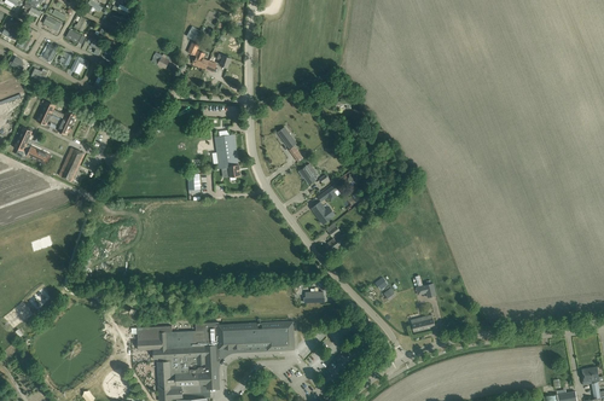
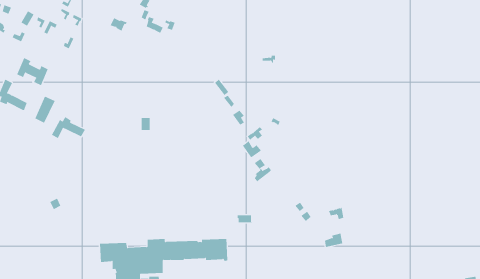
building: [215,134,240,181] -> none
building: none -> [51,116,86,139]

